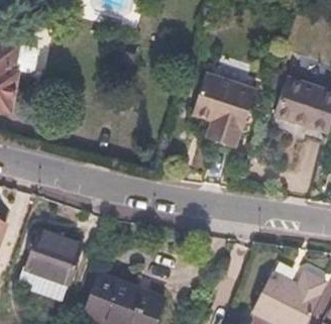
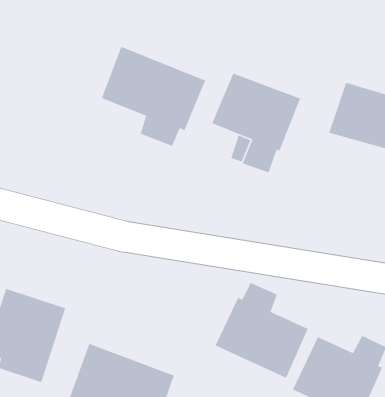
building: none -> [101,46,206,147]
building: none -> [215,282,309,379]

